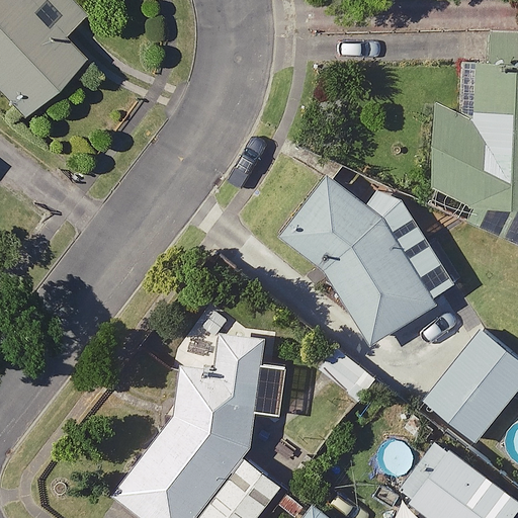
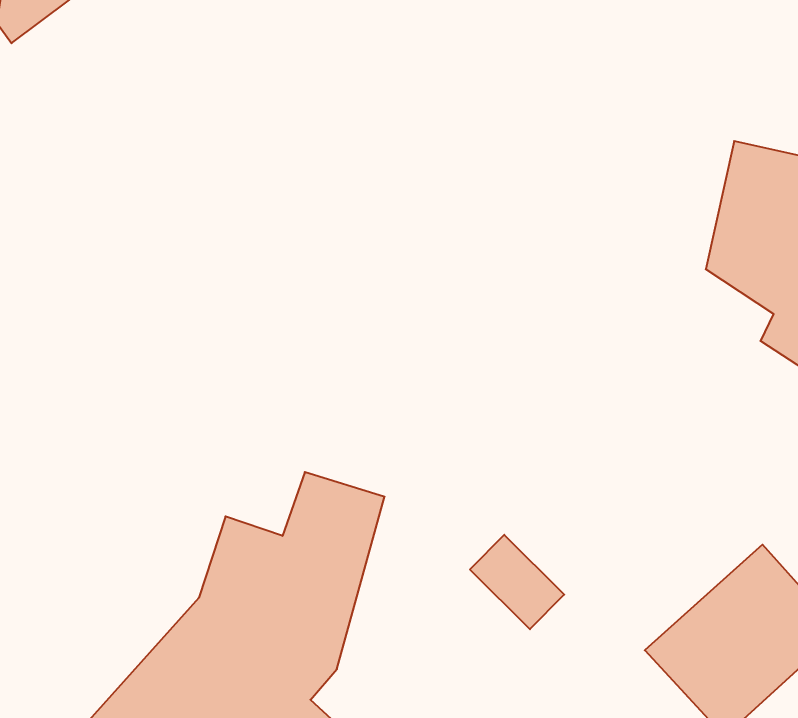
building: [282,179,440,344] -> none

